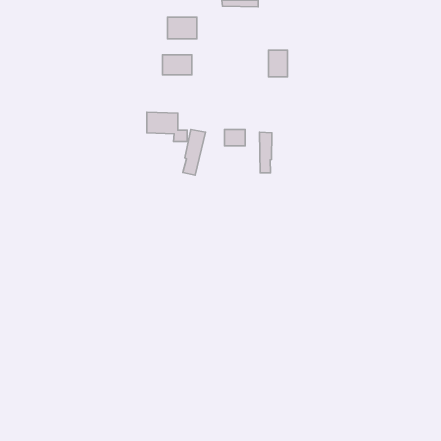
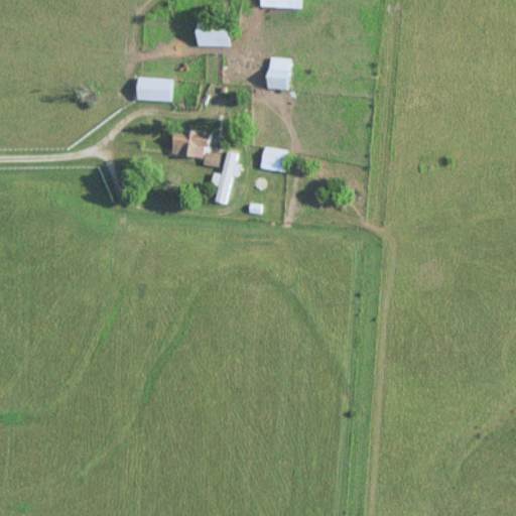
building: [269,50,288,77] -> [267,57,289,89]
building: [162,55,192,75] -> [136,78,170,101]
building: [259,132,272,173] -> none

